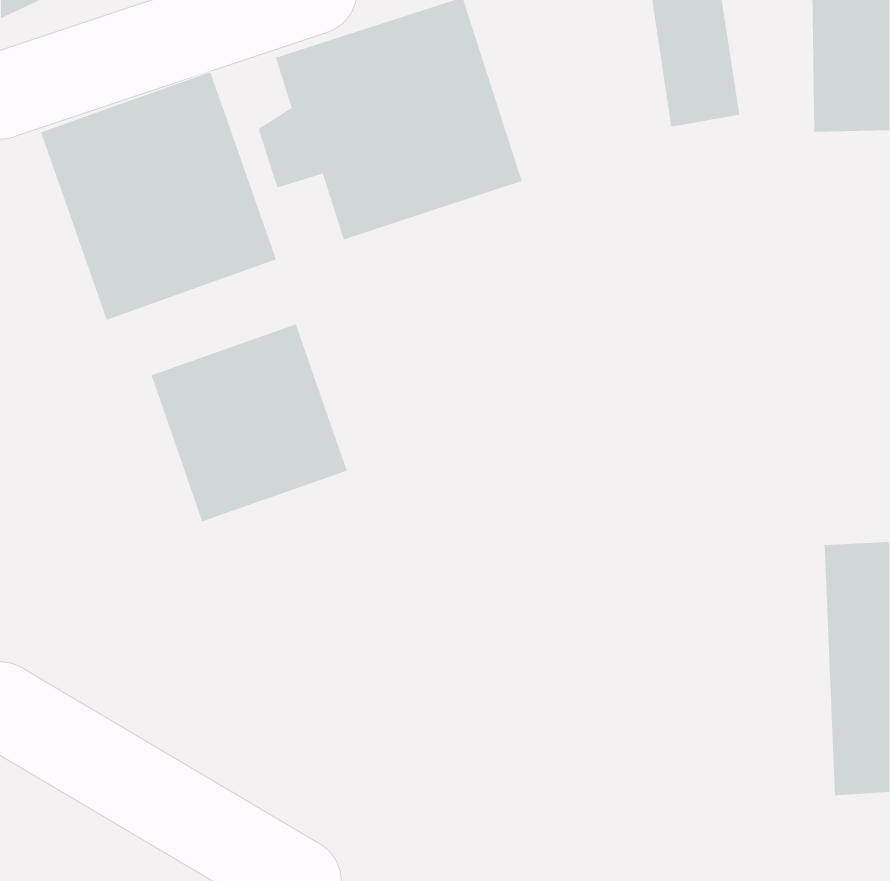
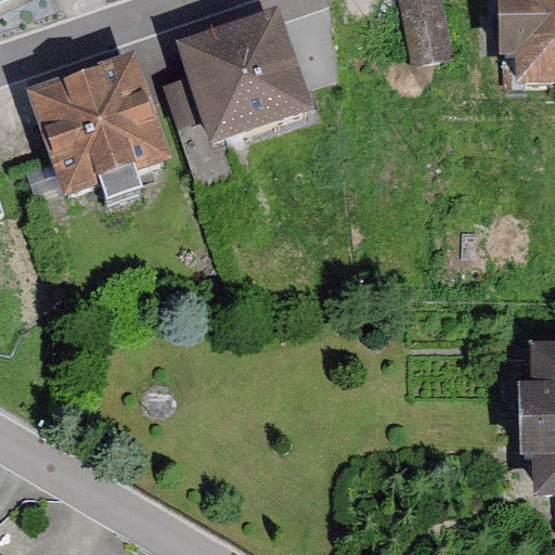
building: [151,324,347,522] -> none

